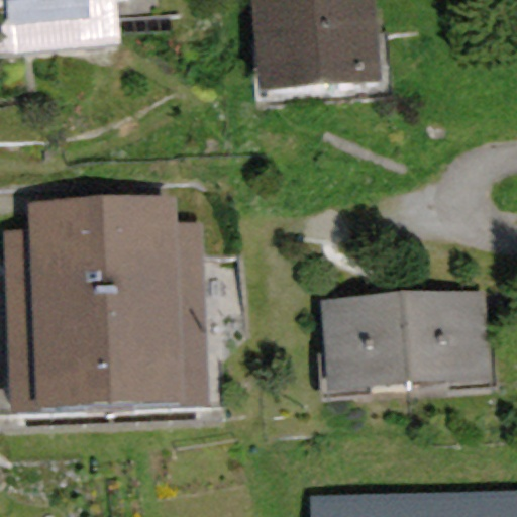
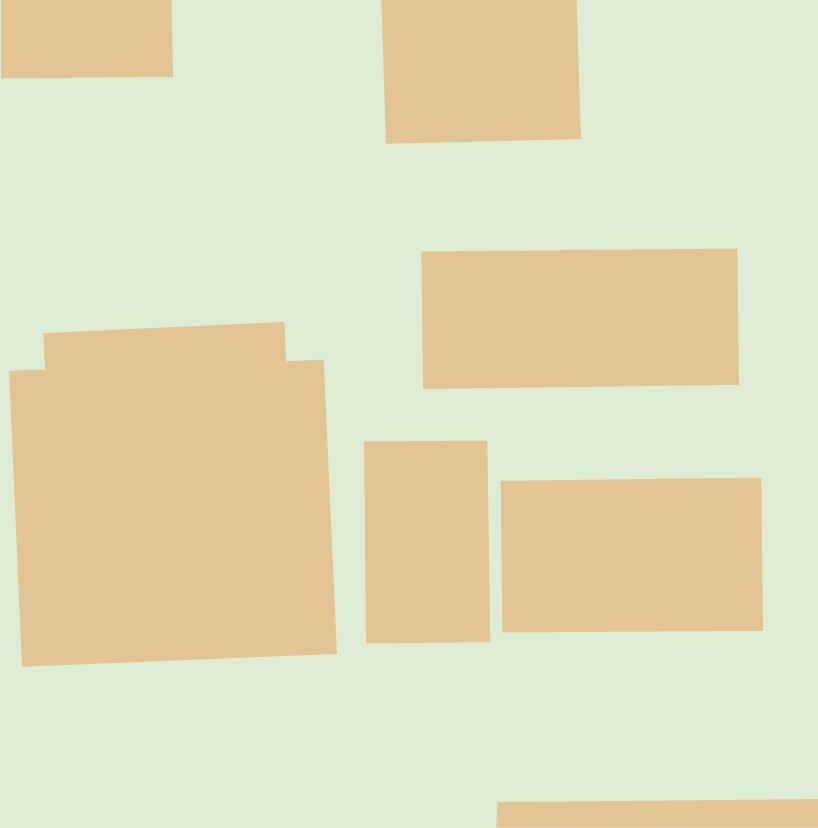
building: none -> [421,248,739,390]
building: none -> [364,440,491,644]

